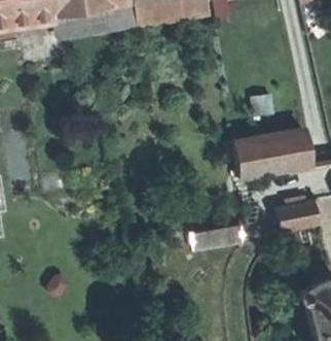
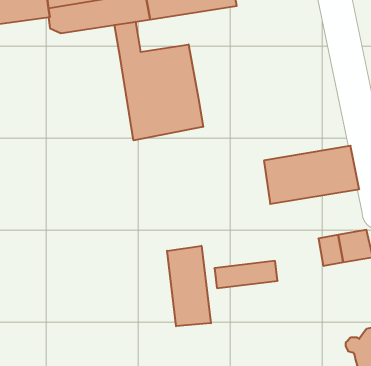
building: none -> [114,22,203,140]
building: none -> [167,246,211,326]

